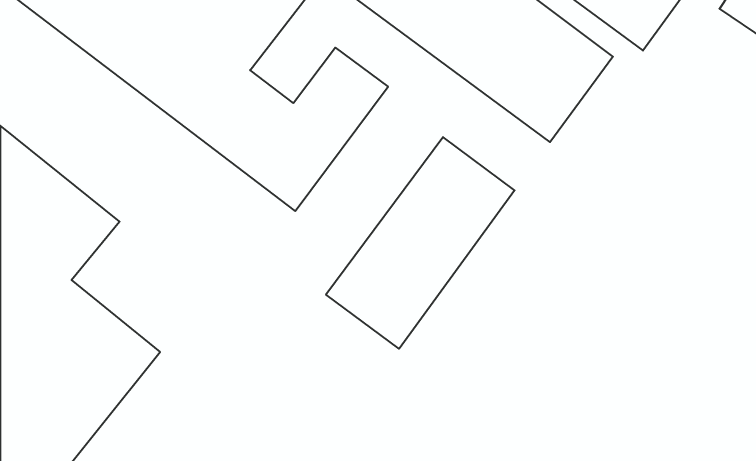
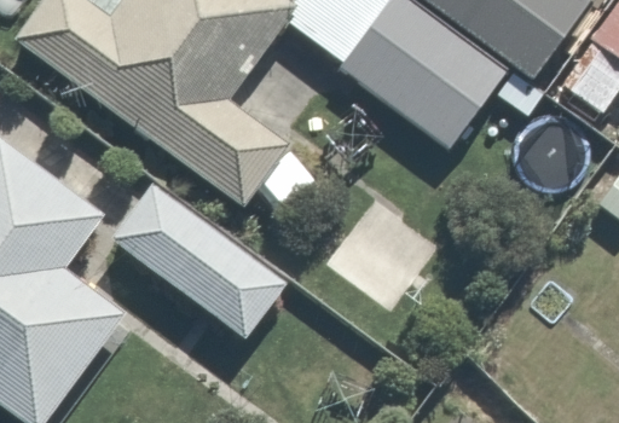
building: [326,137,515,349] -> none
building: none -> [106,186,276,337]

